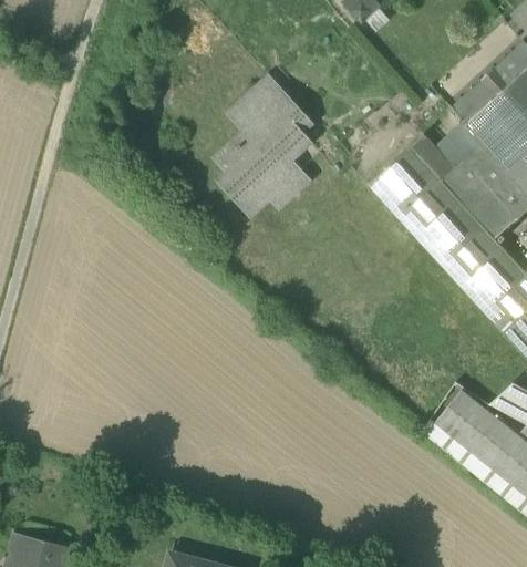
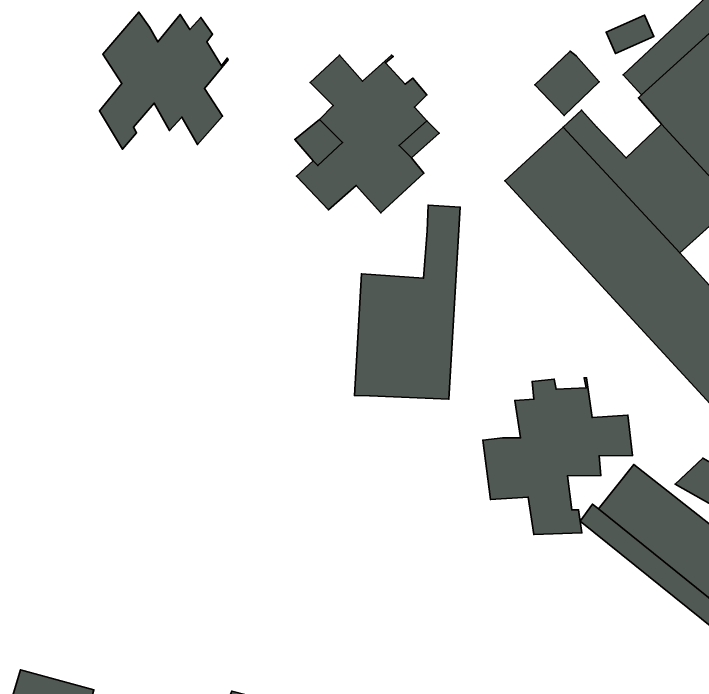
building: none -> [100,12,228,149]
building: [249,75,287,113] -> none
building: [435,122,482,168] -> [535,51,599,116]
building: none -> [355,205,460,399]
building: none -> [483,378,633,534]

